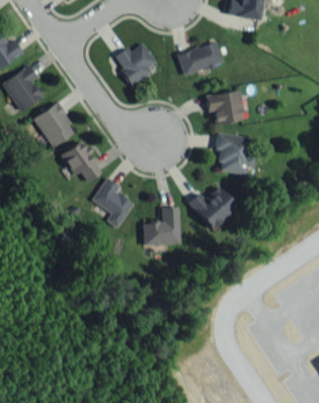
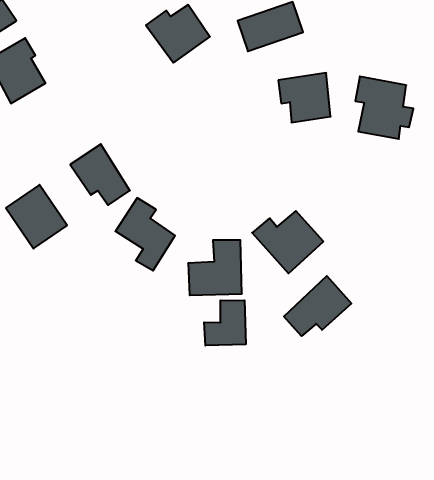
building: [33,102,76,147] -> [6,185,67,249]
building: [215,132,255,175] -> [355,76,413,139]
building: none -> [284,276,351,336]
building: none -> [204,300,246,346]

